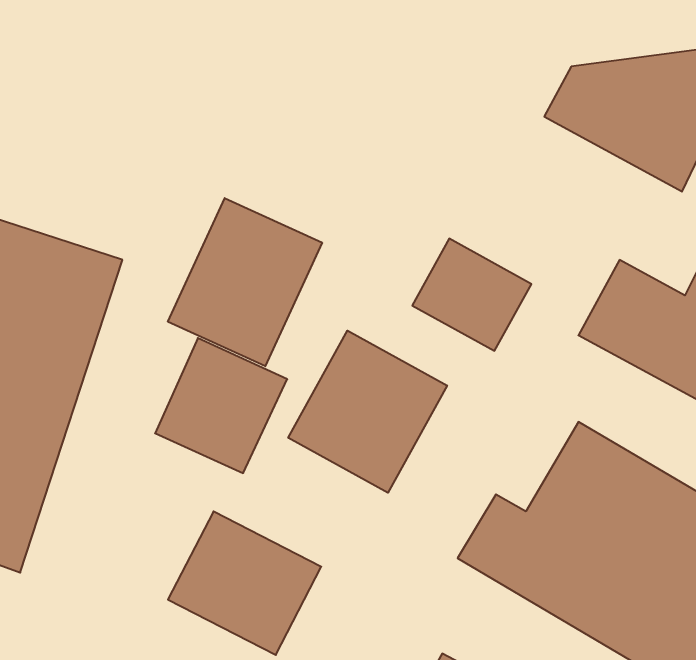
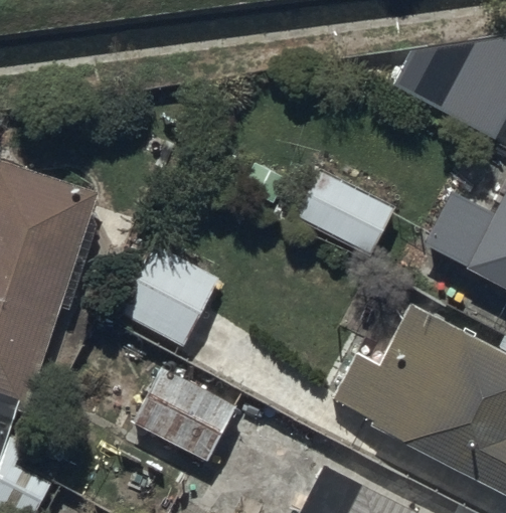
building: [168,198,322,366] -> none
building: [288,331,447,493] -> none

